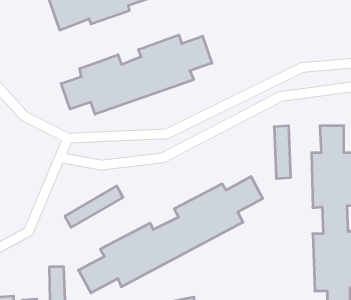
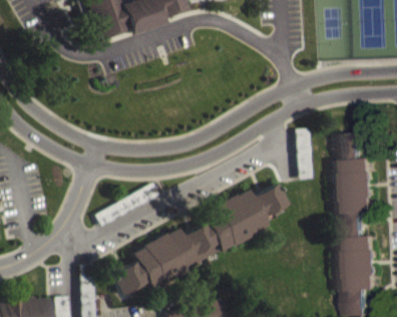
building: [61,35,212,114] -> none

